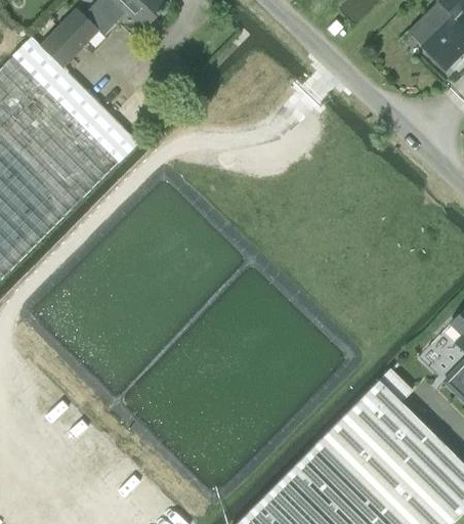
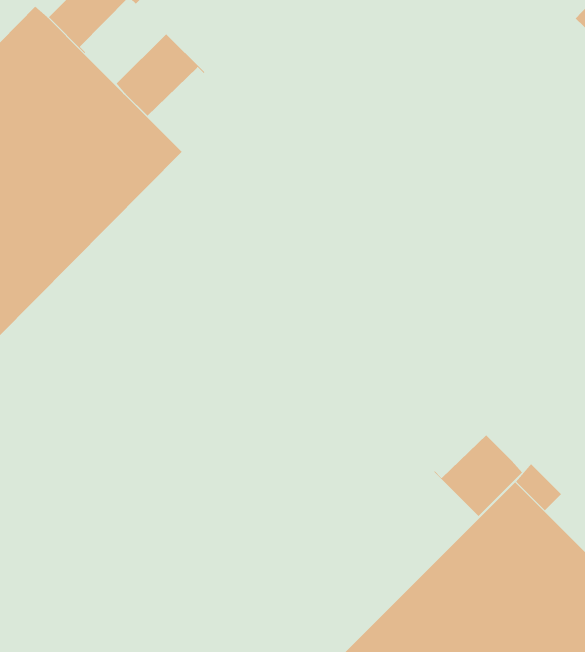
building: none -> [116,33,205,117]
building: none -> [433,435,523,517]

